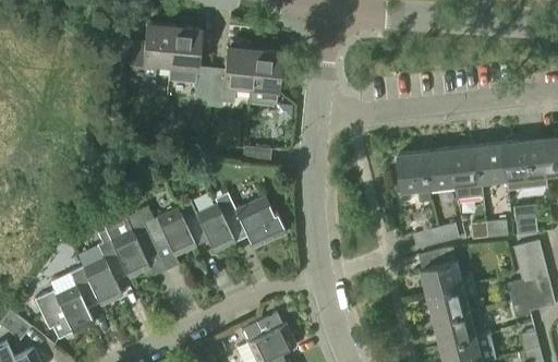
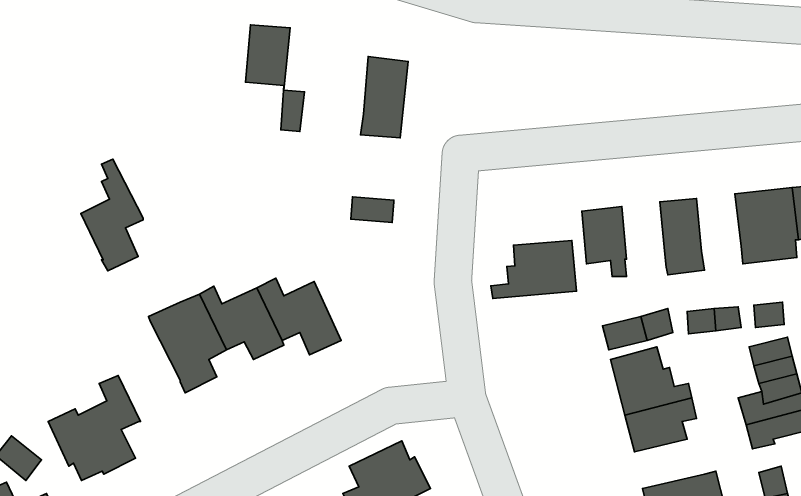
building: [128,24,172,81] -> none
building: [206,40,253,107] -> none
building: [477,143,508,182] -> none
building: [426,148,456,188] -> none
building: none -> [491,241,577,299]
building: [216,195,286,249] -> none
building: [82,230,124,306] -> [81,159,143,271]
building: [435,309,485,345] -> none

